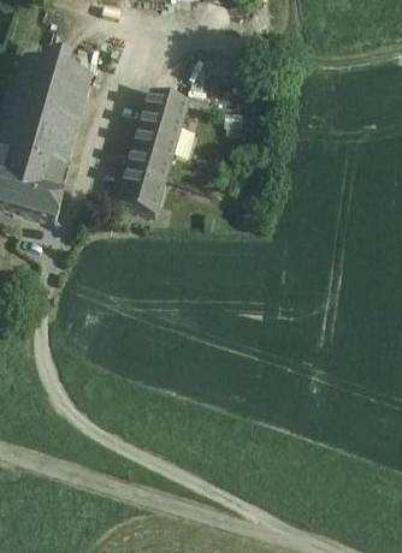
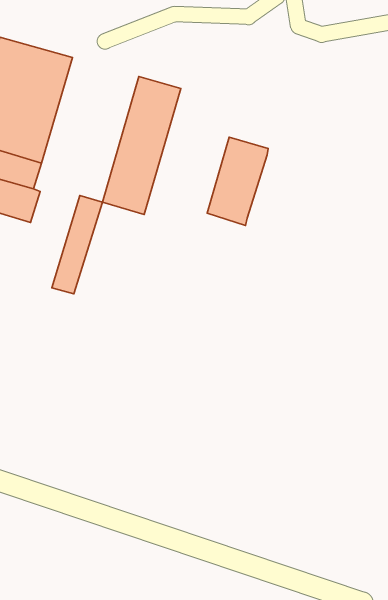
building: none -> [207,137,268,225]
building: none -> [52,195,102,294]

